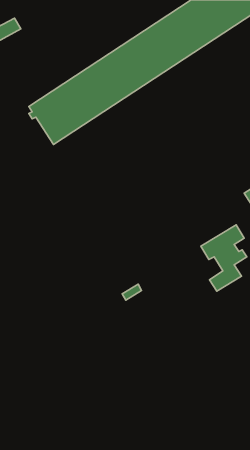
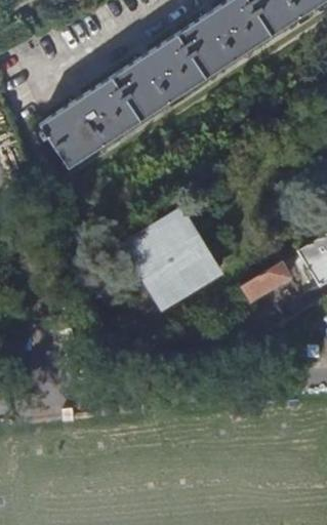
building: none -> [127,197,235,310]

